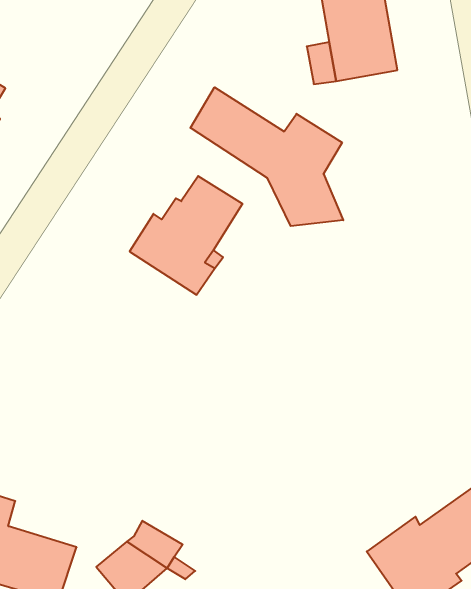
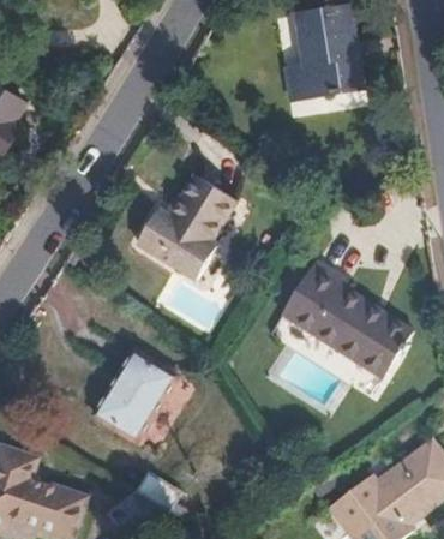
building: [190,87,343,226] -> none
building: none -> [278,262,409,376]
building: none -> [88,345,173,438]

